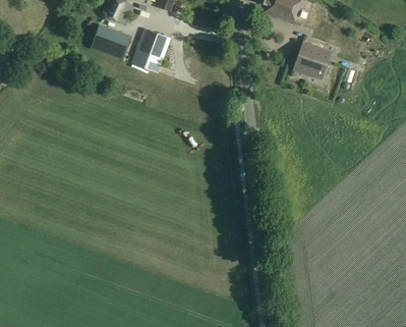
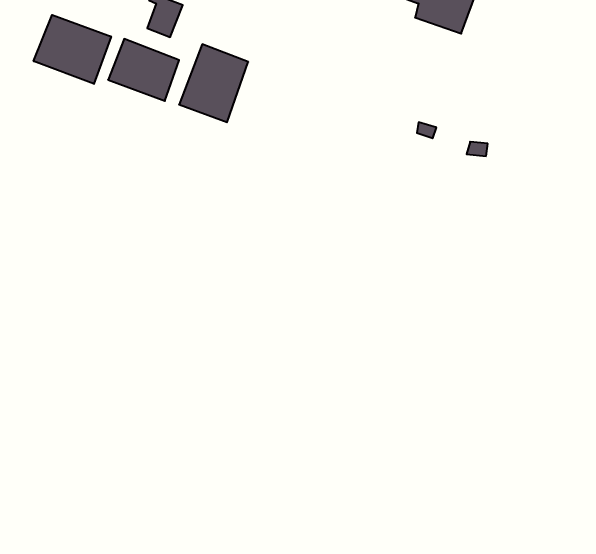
building: none -> [34,15,111,84]
building: [293,41,332,79] -> none

